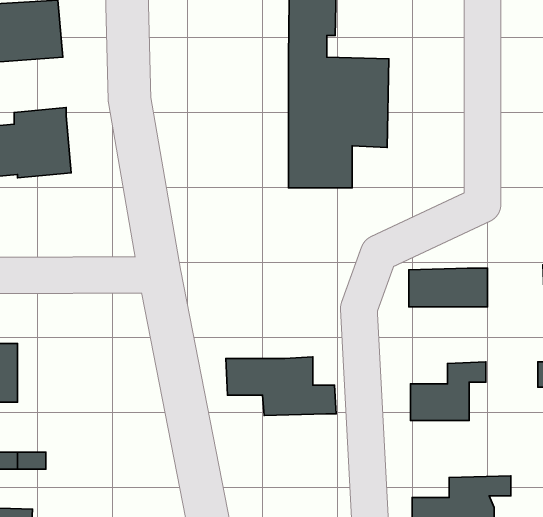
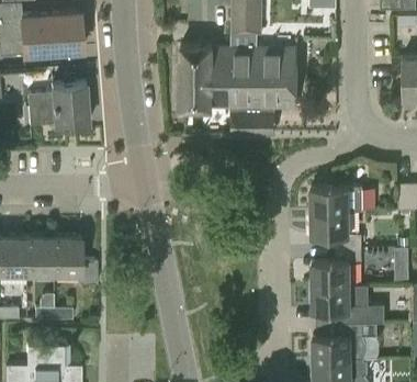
building: none -> [180,45,232,109]
building: none -> [311,212,361,249]
building: none -> [54,236,97,284]
building: [226,357,336,415] -> [312,285,384,324]

